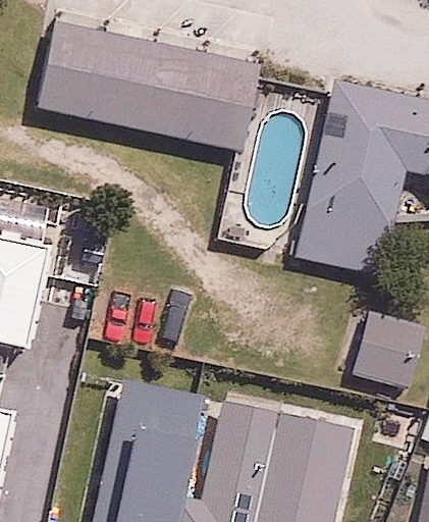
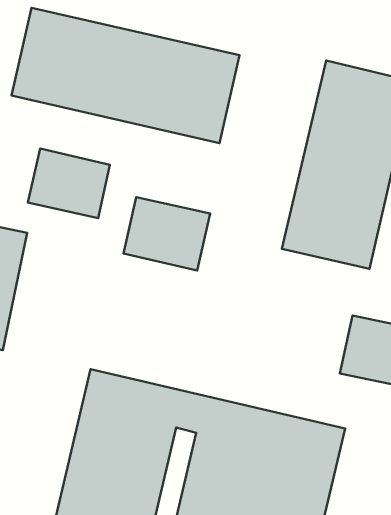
building: none -> [28,148,110,218]
building: none -> [123,197,210,271]

